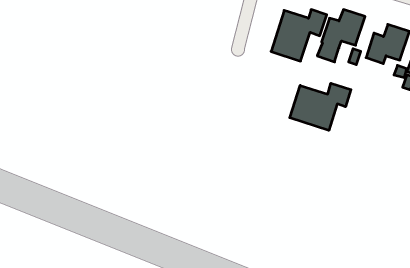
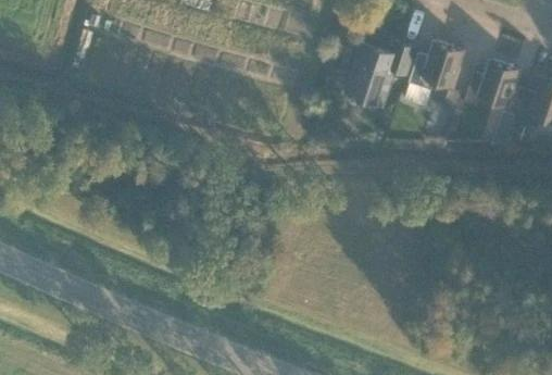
building: [290,83,351,130] -> none

